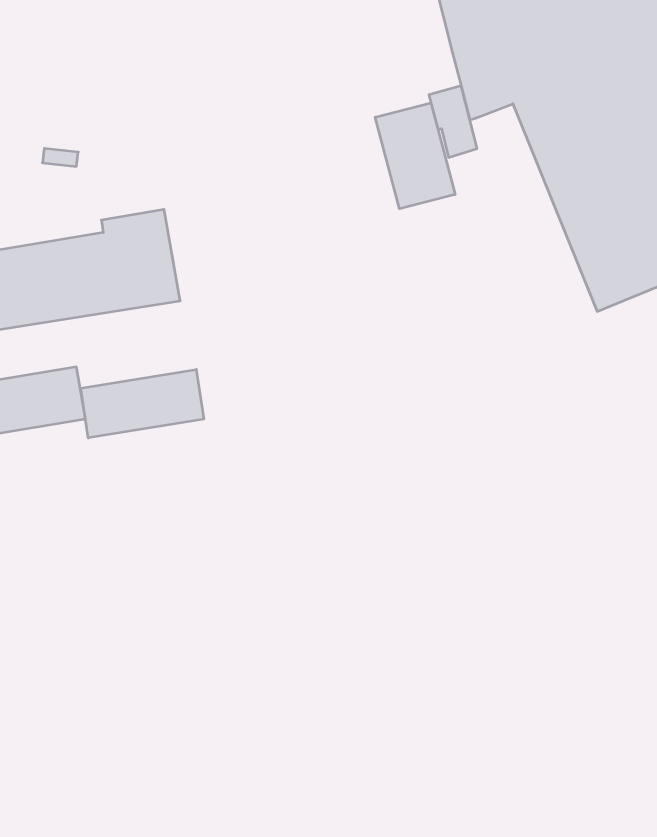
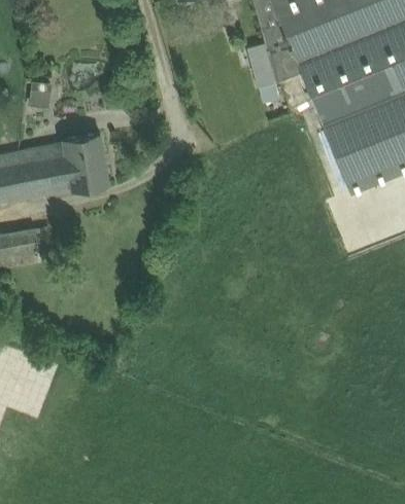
building: [375,103,455,209] -> none
building: [81,369,204,438] -> none

